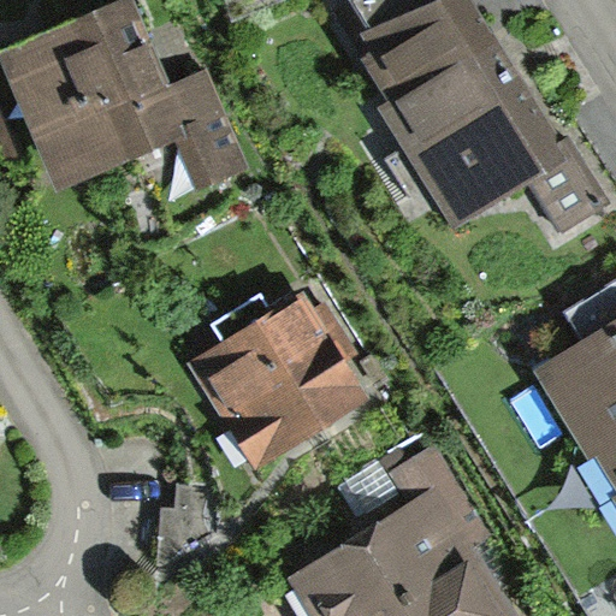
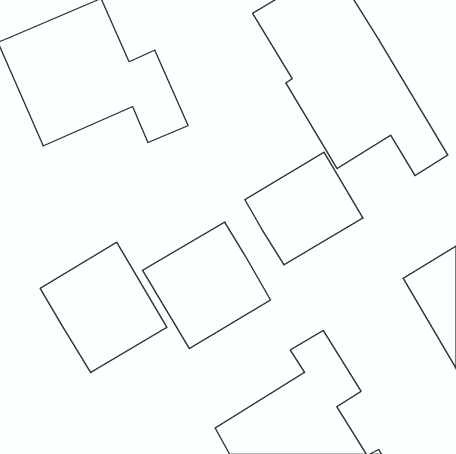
building: none -> [245,152,363,265]
building: none -> [40,242,167,373]

